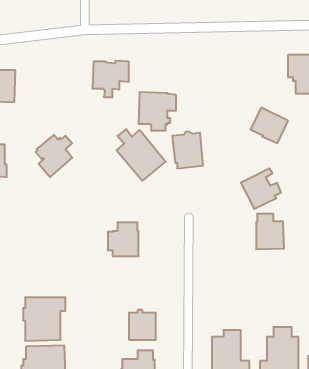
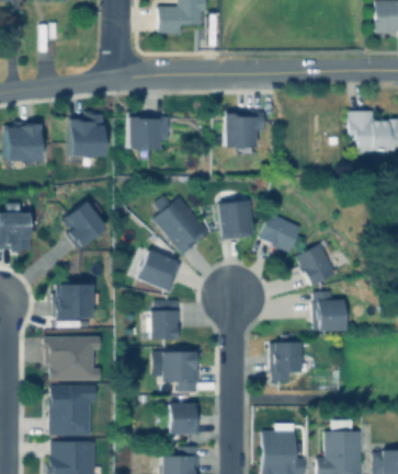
building: none -> [69,113,105,157]
building: [139,92,176,131] -> [223,111,265,154]
building: [251,108,288,143] -> [259,212,302,253]
building: none -> [137,248,182,292]
building: none -> [53,284,100,317]
building: none -> [44,336,100,381]
building: none -> [271,342,300,382]
building: none -> [156,347,200,392]

